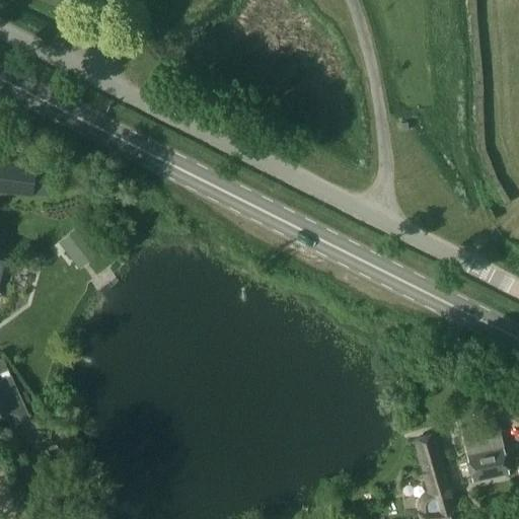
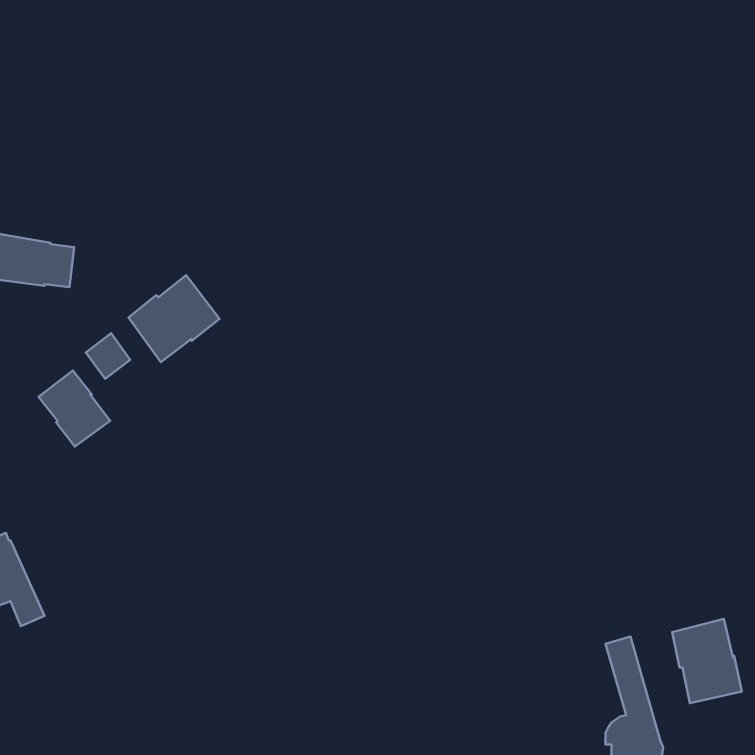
building: none -> [129,275,219,362]
building: none -> [39,371,110,446]

